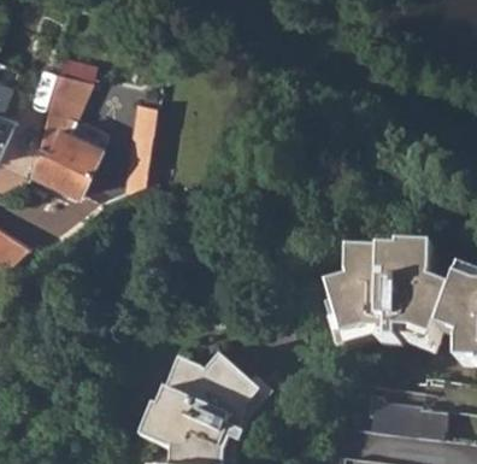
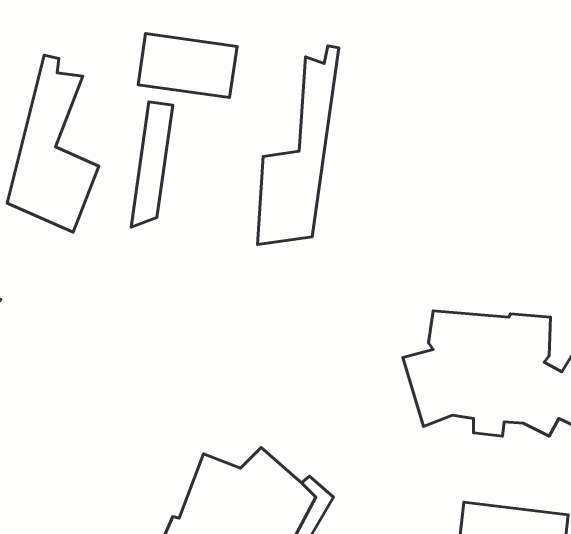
building: none -> [138,34,237,98]
building: none -> [257,46,339,244]

